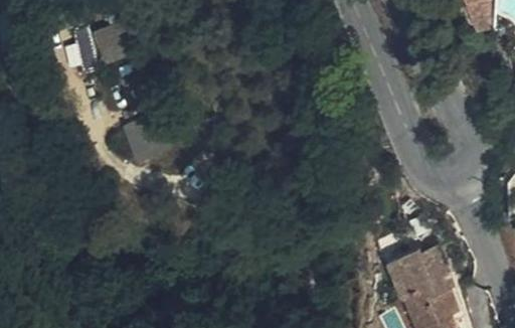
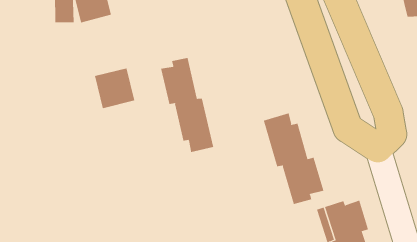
building: none -> [161,57,214,153]
building: none -> [263,112,324,205]

